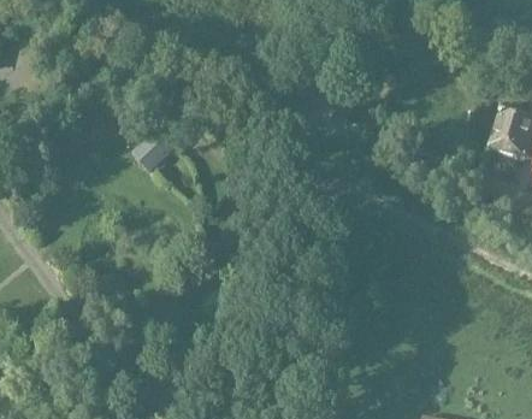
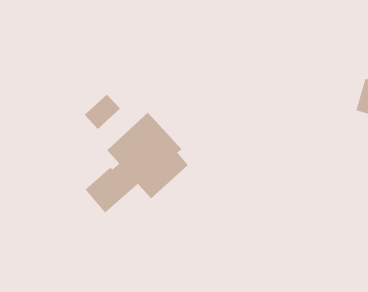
building: none -> [85,112,188,213]

